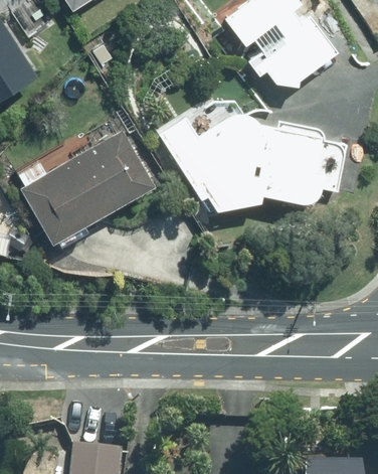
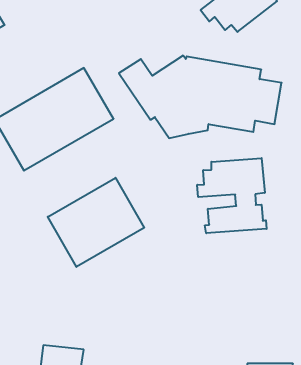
building: none -> [197,158,267,233]
building: none -> [48,178,144,267]

